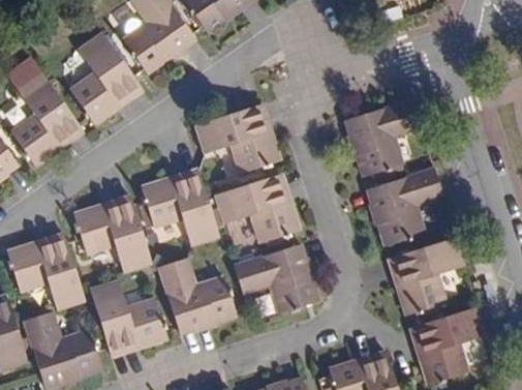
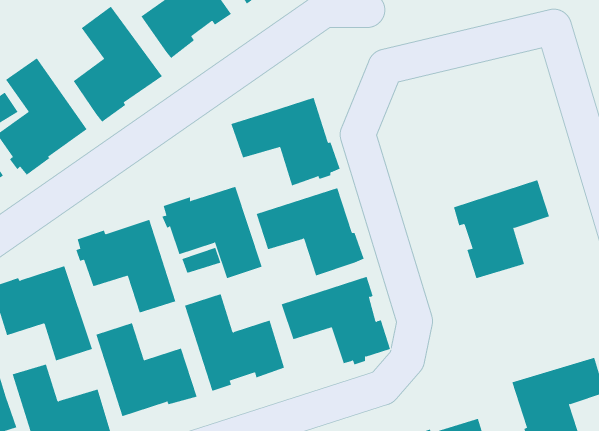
building: [345,98,421,177] -> none
building: [391,237,465,314] -> none

